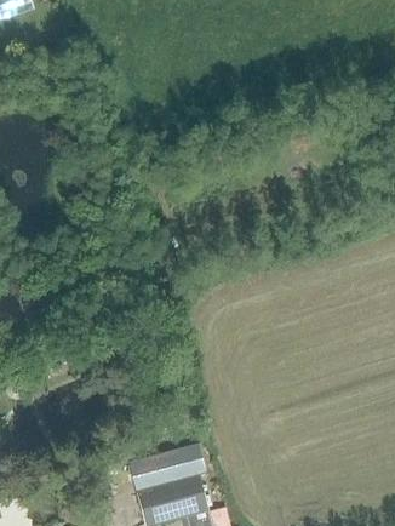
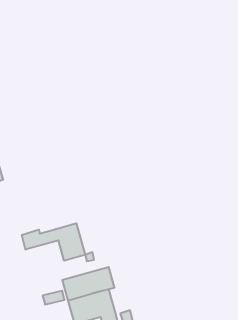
building: none -> [22,223,85,261]

